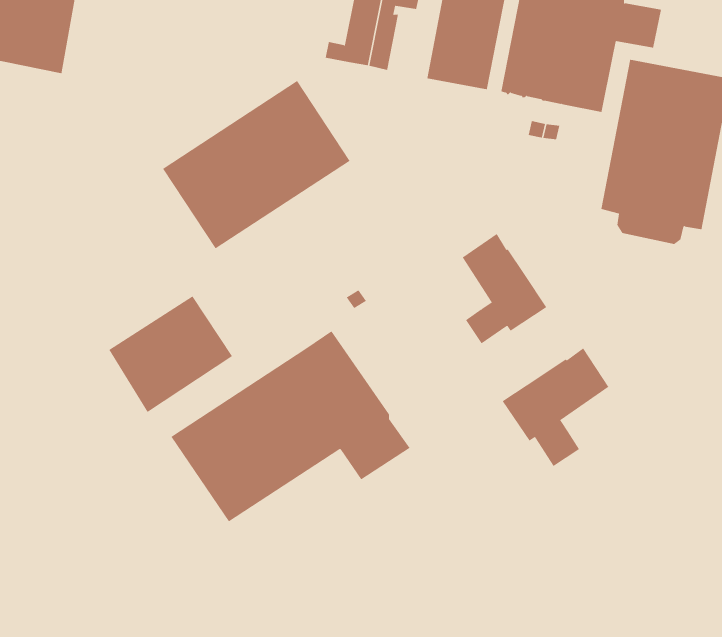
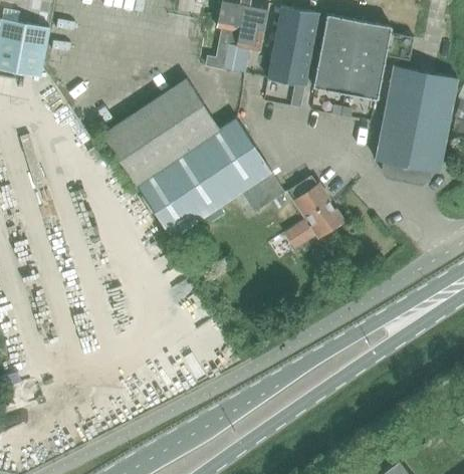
building: [108,295,233,413] -> none
building: [170,330,411,522] -> [136,118,285,238]
building: [502,347,609,467] -> none

